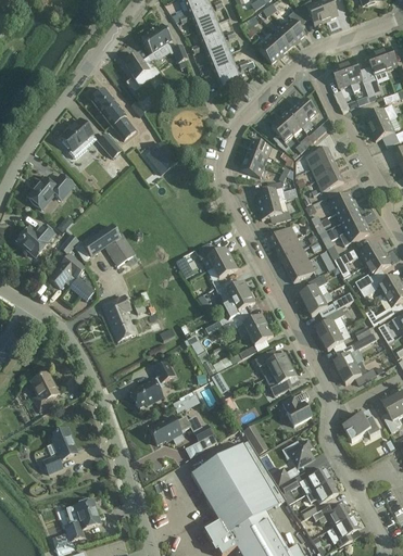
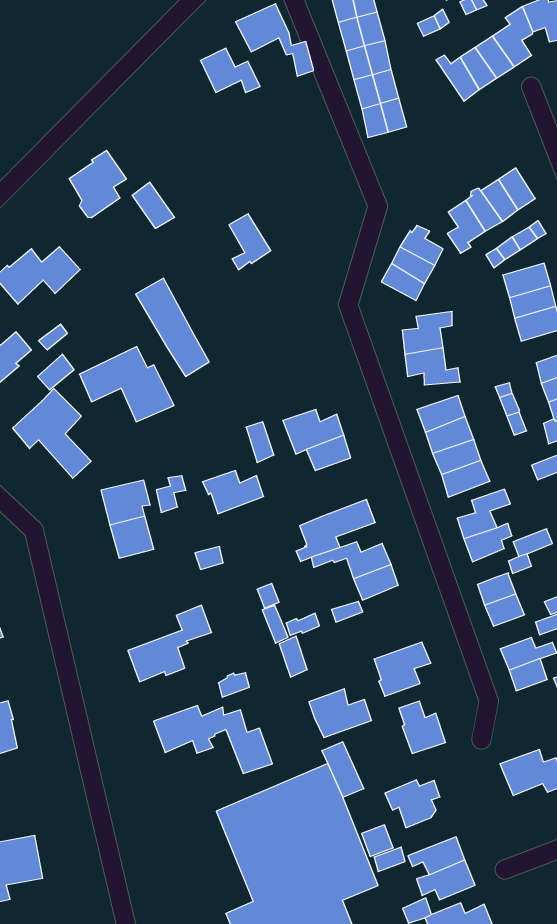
building: [89,87,135,139] -> [136,278,209,376]
building: [213,277,248,302] -> [202,471,264,514]
building: [253,348,289,376] -> [309,689,372,737]

